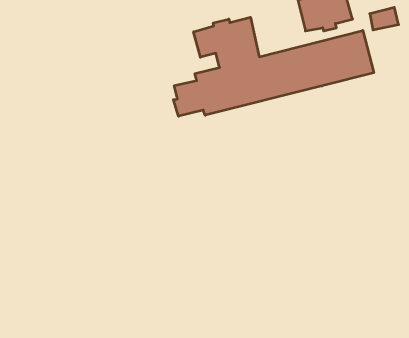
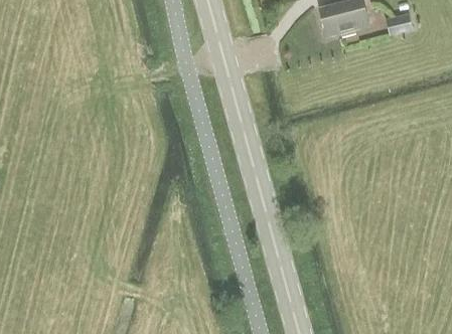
building: [173,17,374,116] -> none

